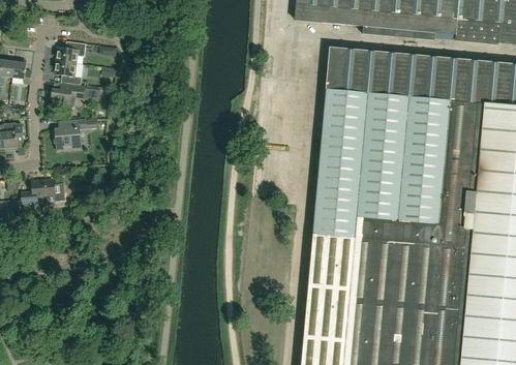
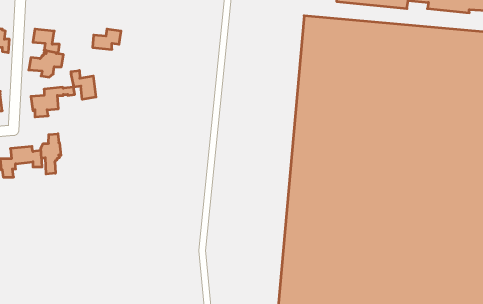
building: [57,41,86,62] -> [93,29,121,49]
building: none -> [71,70,96,99]
building: none -> [41,134,61,174]

